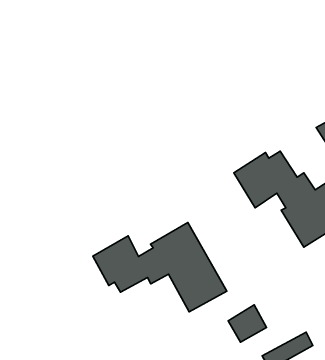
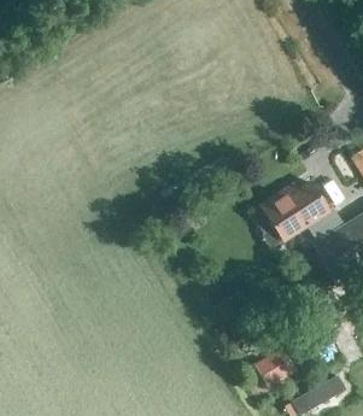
building: [93,222,227,312] -> none

